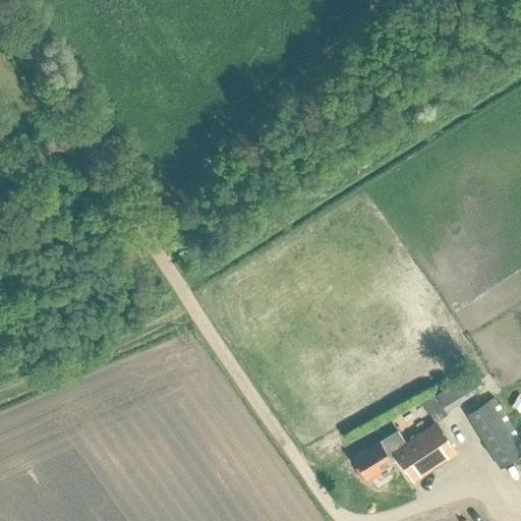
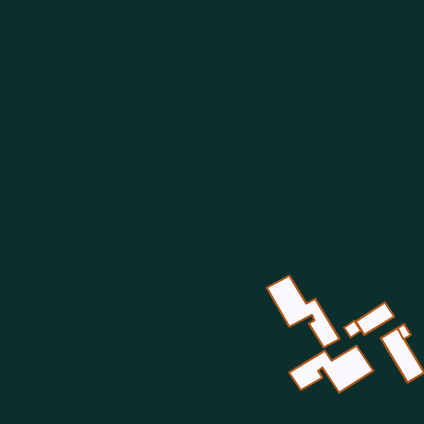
building: none -> [267,276,340,347]

